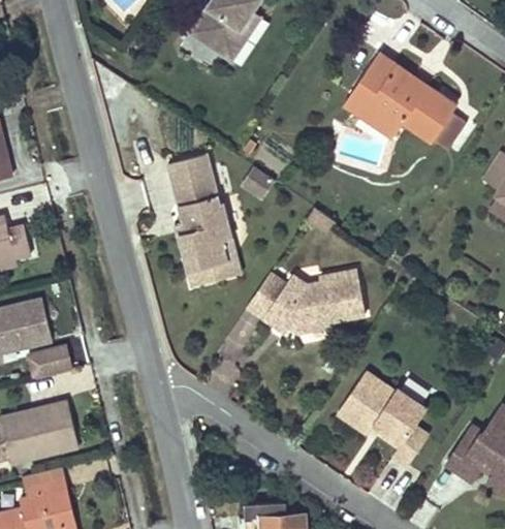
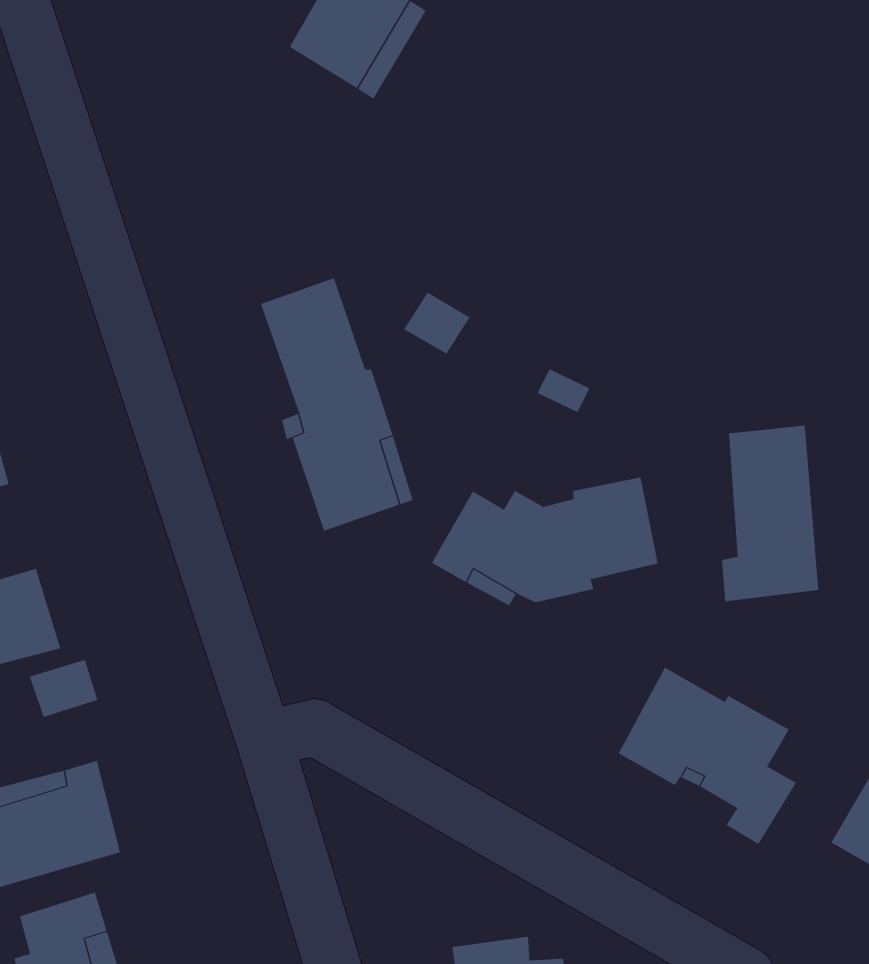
building: [350,54,465,151] -> none
building: none -> [721,425,819,602]

